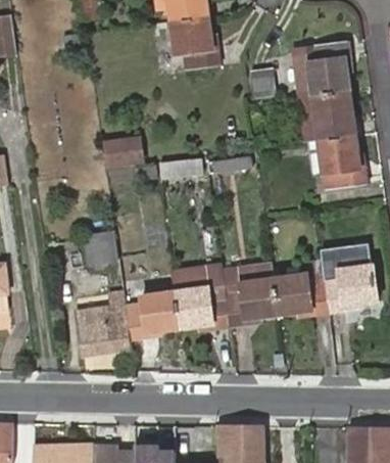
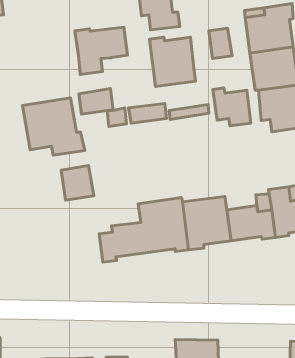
building: none -> [75,27,127,74]
building: none -> [150,37,196,87]
building: none -> [213,88,251,126]
building: none -> [22,98,85,155]
building: [78,292,132,358] -> none

